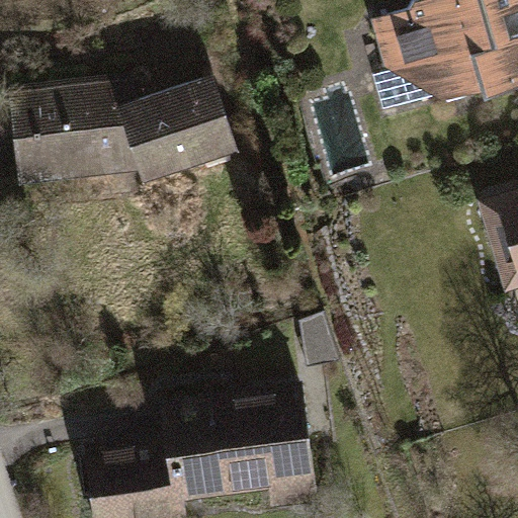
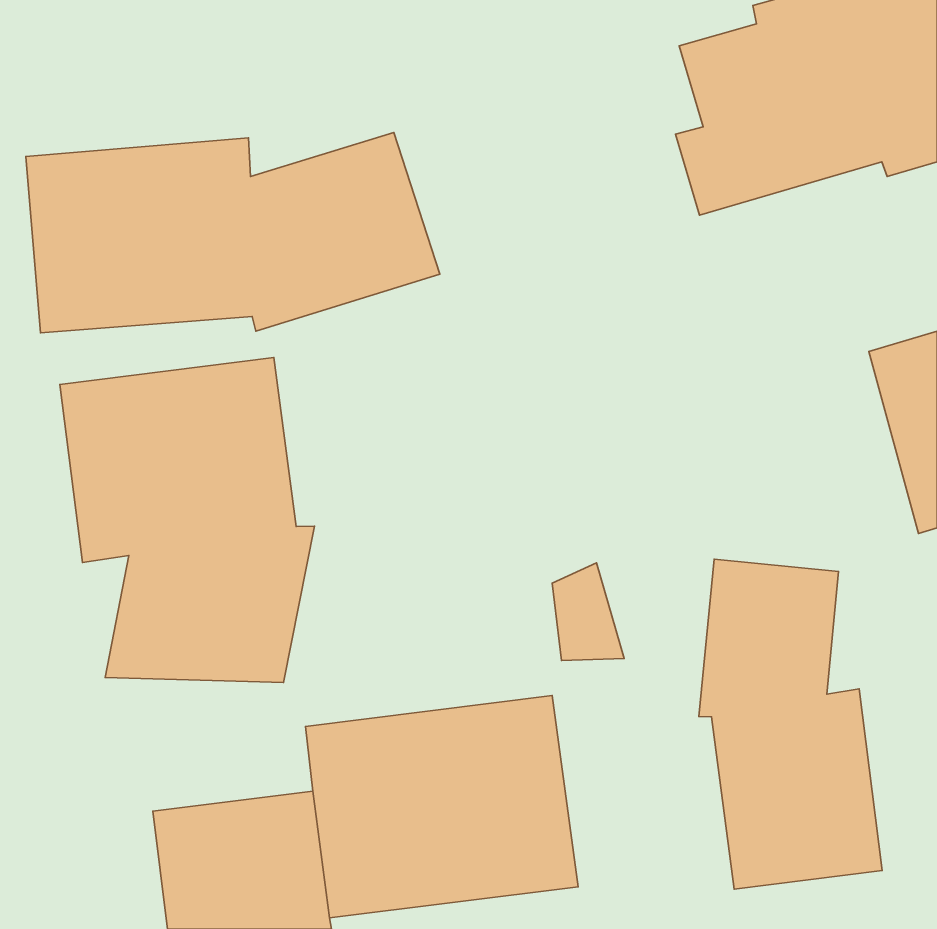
building: none -> [60,357,315,683]
building: none -> [699,559,882,889]

